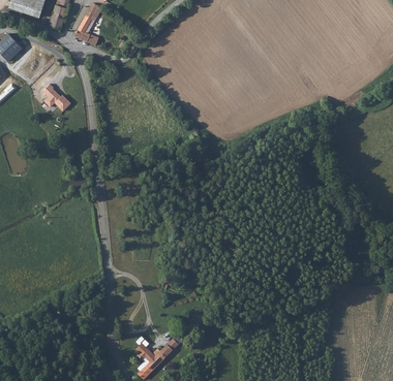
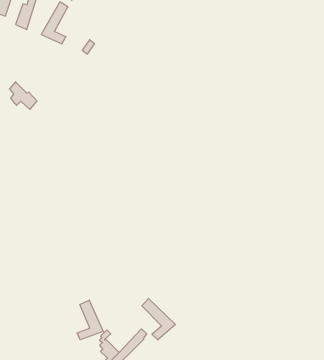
building: none -> [142,298,175,340]
building: none -> [77,300,103,340]

